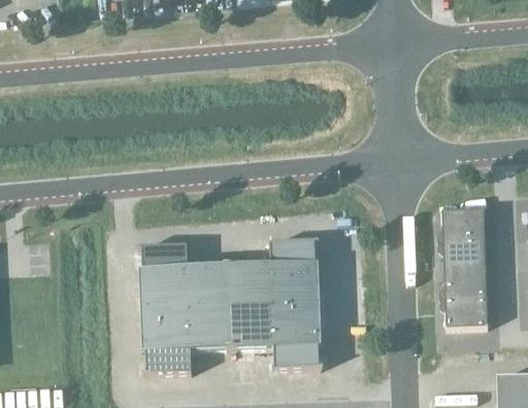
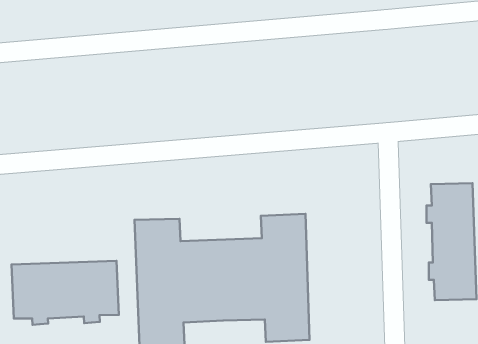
building: none -> [11,261,119,325]

